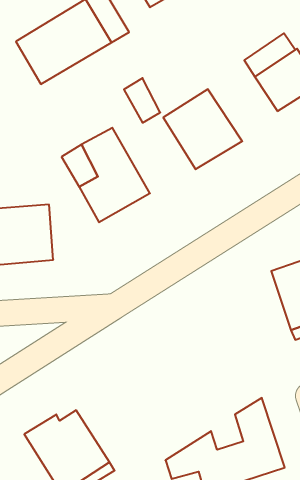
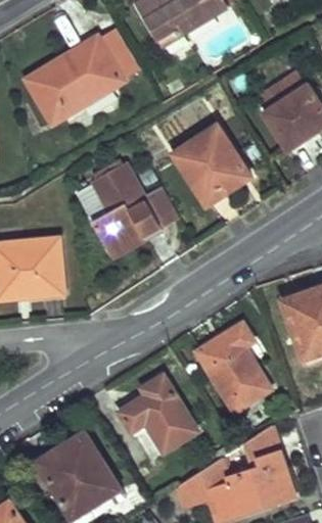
building: [124,78,160,123] -> [142,181,178,225]
building: none -> [193,324,270,414]
building: none -> [118,375,196,451]

